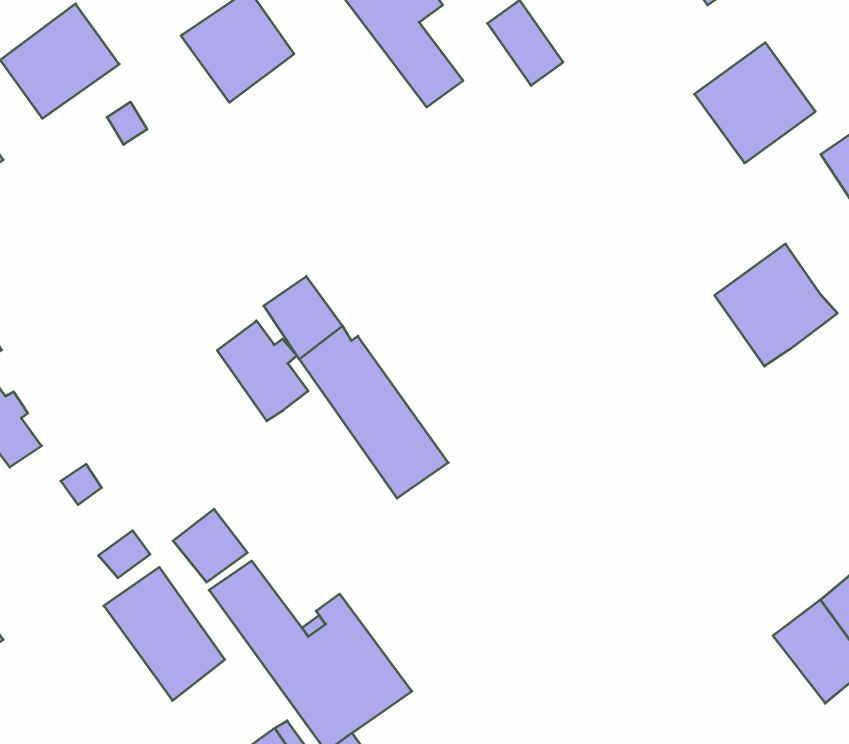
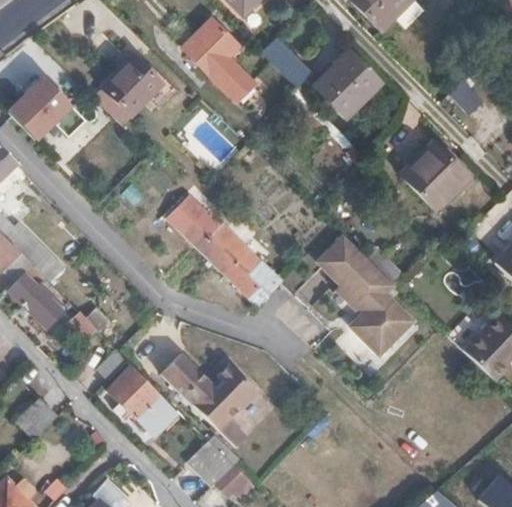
building: [694,43,815,163] -> [314,53,379,118]
building: [217,321,308,421] -> none
building: none -> [312,231,420,371]

